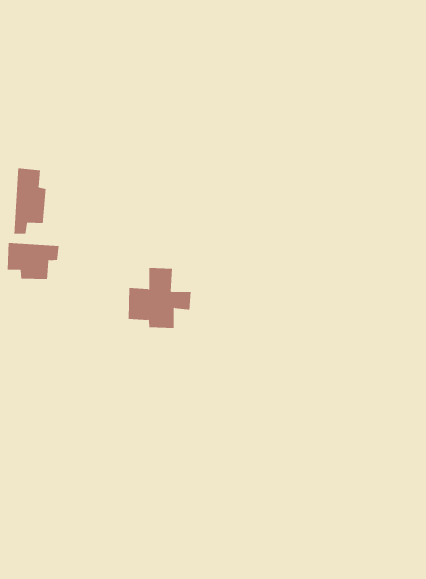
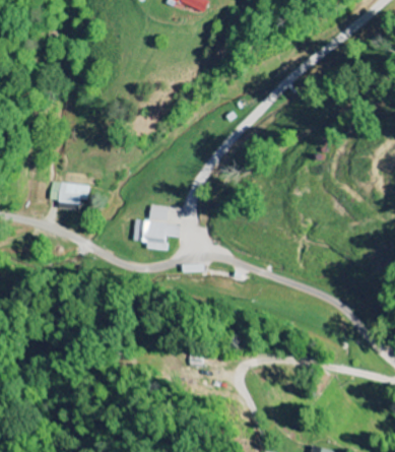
building: [14,167,46,235] -> none

